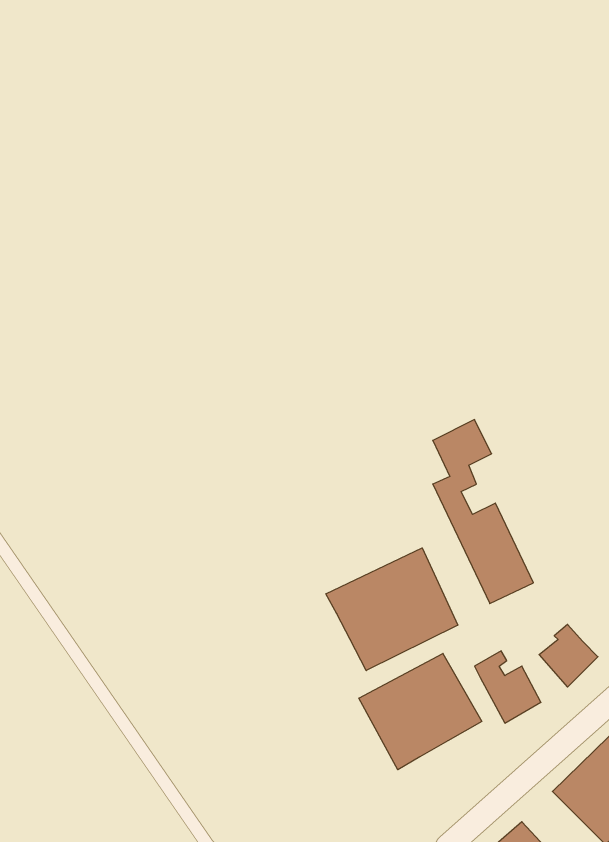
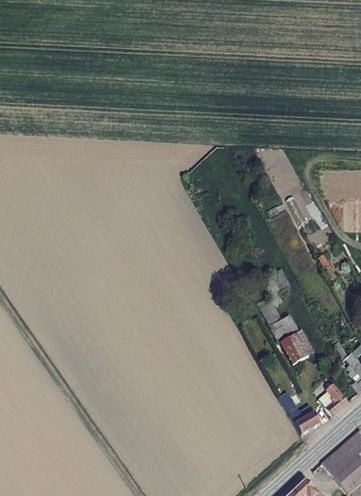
building: [326,548,458,671] -> none
building: [359,653,482,770] -> none

